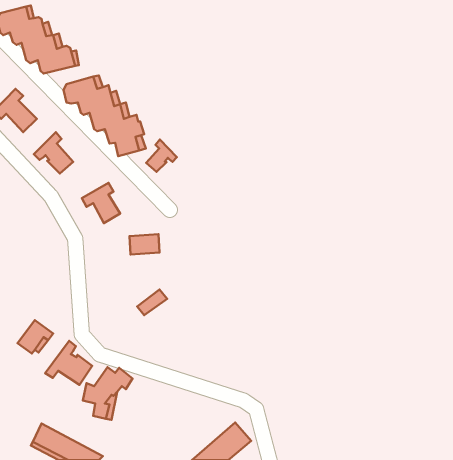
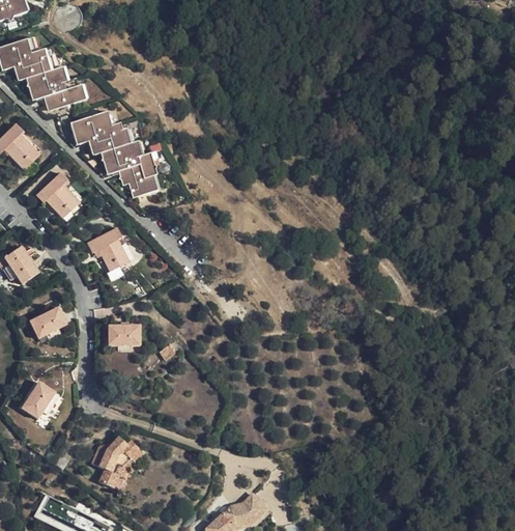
building: [146,140,177,172] -> none
building: none -> [5,248,39,285]
building: [130,234,159,254] -> [108,323,140,344]
building: none -> [29,305,66,337]
building: [45,341,92,385] -> none

